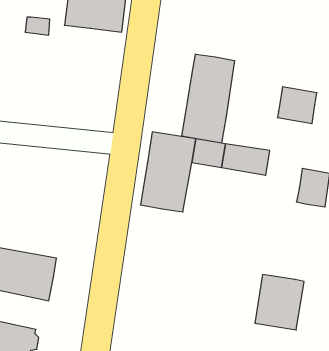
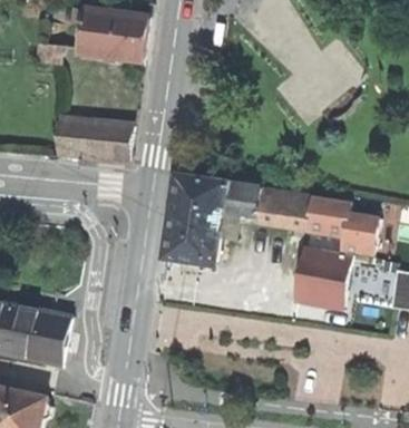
building: [182,54,235,143] -> none
building: none -> [57,117,133,162]
building: [277,87,317,124] -> [304,194,349,235]
building: [255,275,304,330] -> [294,246,350,309]

